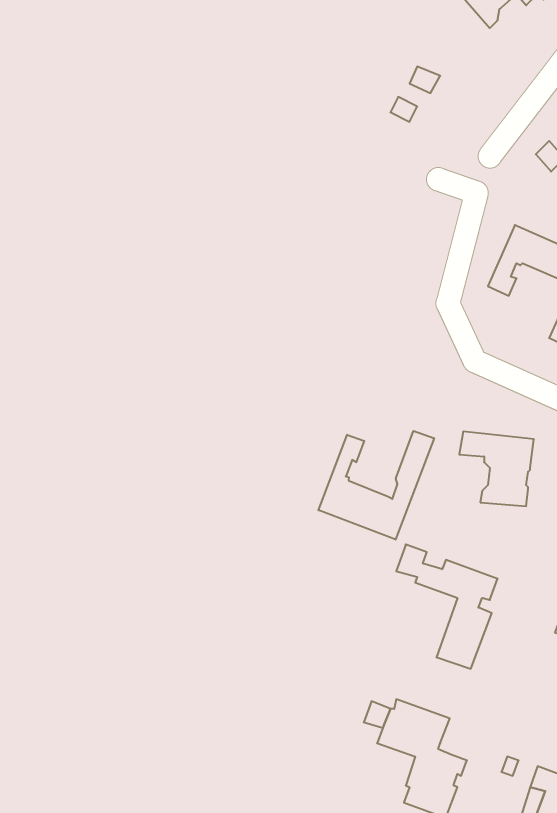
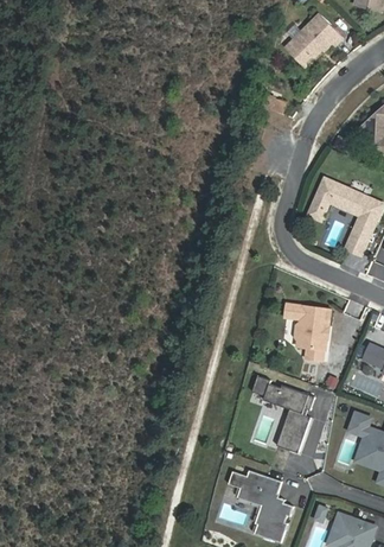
building: [318,431,434,540] -> none

